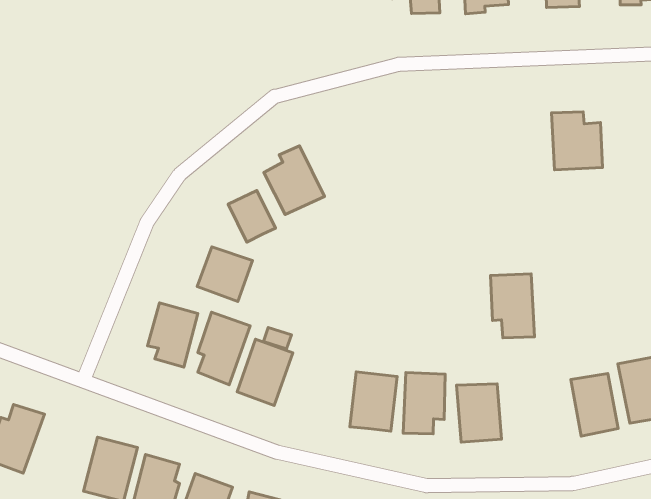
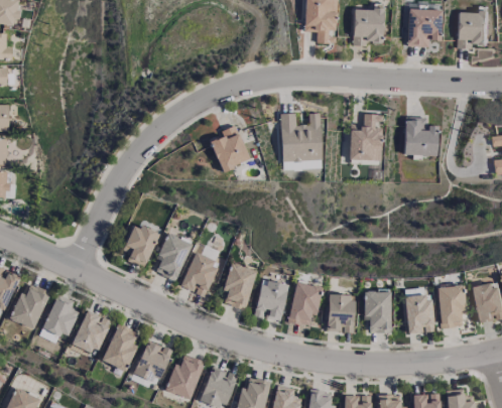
building: none -> [349,115,382,161]
building: none -> [280,113,322,162]
building: [228,190,275,242] -> none
building: [197,247,252,301] -> none
building: [491,274,534,338] -> [363,290,391,333]
building: none -> [224,264,256,310]
building: none -> [39,294,79,344]

